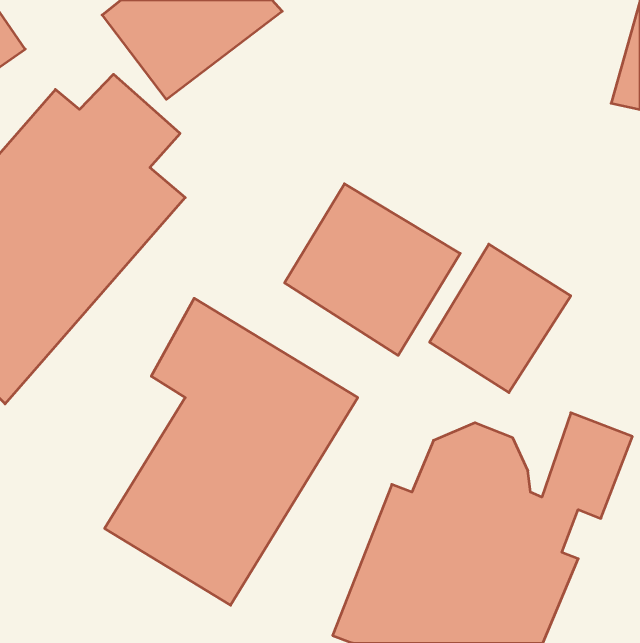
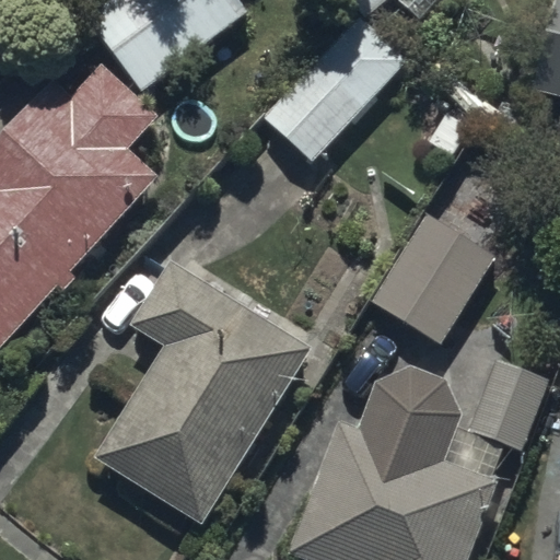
building: none -> [259,16,402,160]
building: [285,184,460,355] -> none

